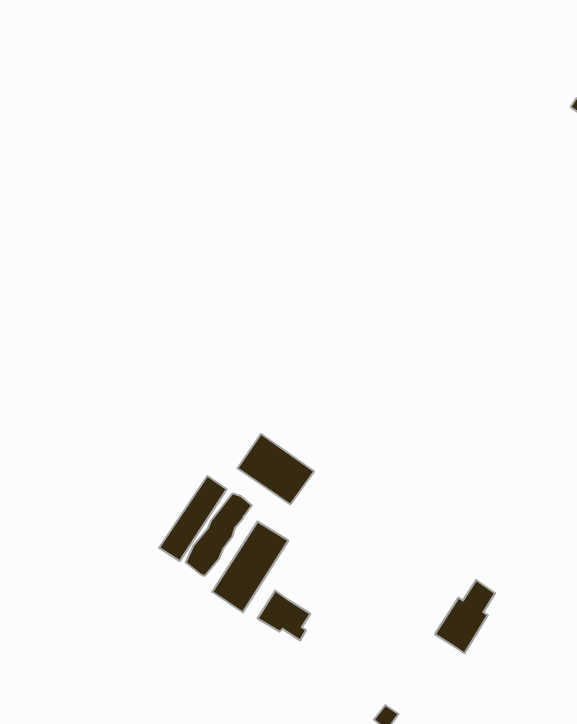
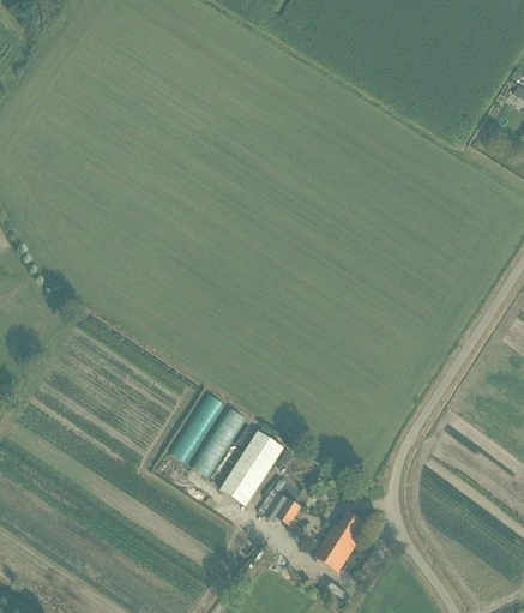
building: [237,434,314,504] -> none
building: [435,580,495,653] -> [313,510,362,570]

